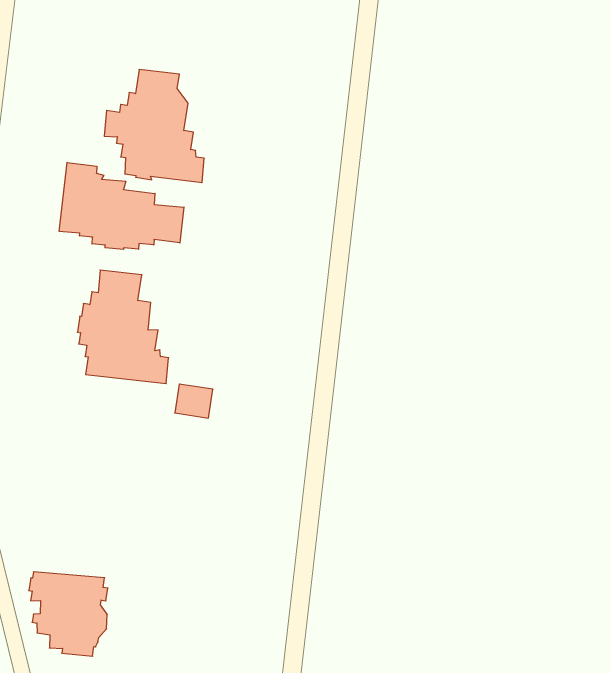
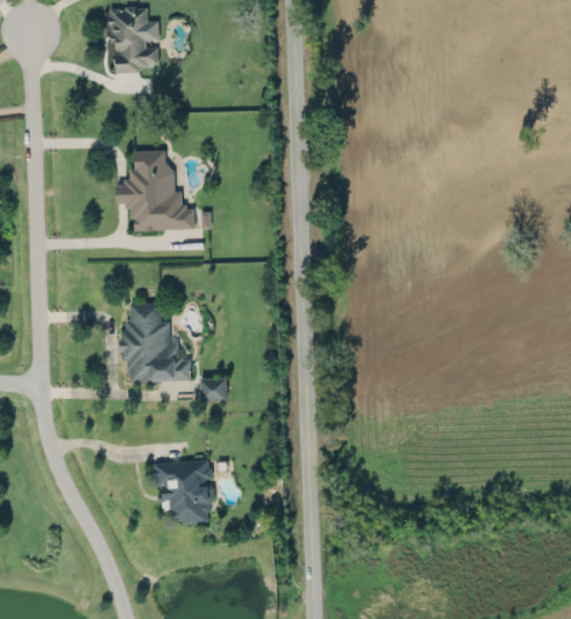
building: [59,162,184,249] -> none
building: [29,572,108,656] -> [152,461,214,521]

